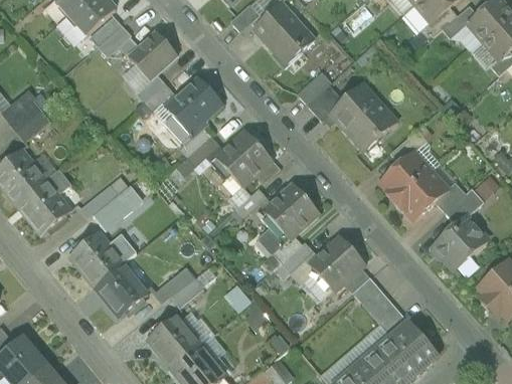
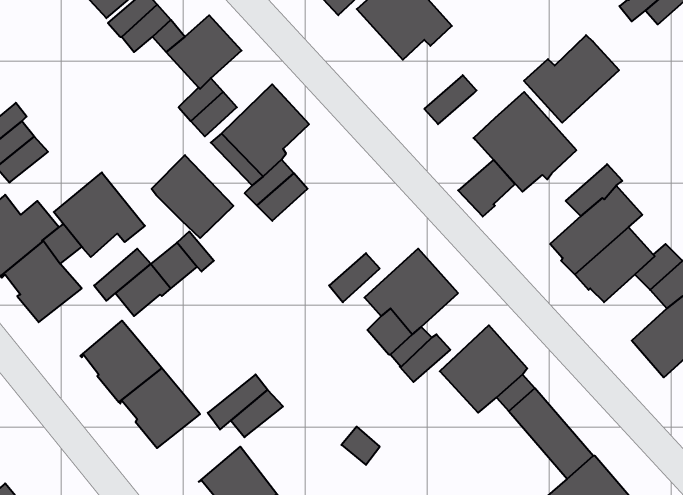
building: none -> [524,35,619,123]
building: [306,83,343,121] -> [458,160,515,217]
building: none -> [152,155,233,238]
building: [211,131,272,186] -> none
building: none -> [54,172,145,257]

